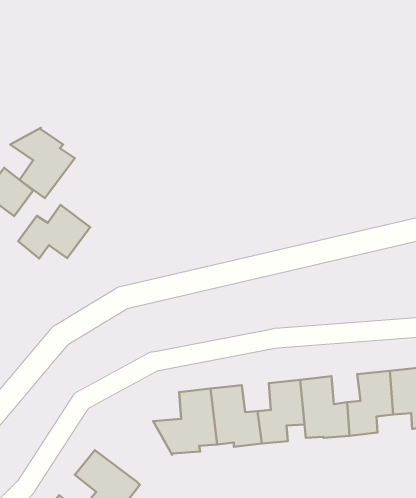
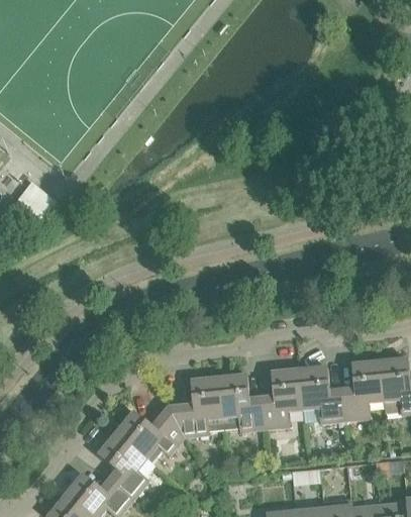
building: [10,128,75,198] -> none
building: [18,205,90,259] -> none
building: none -> [113,406,183,460]

